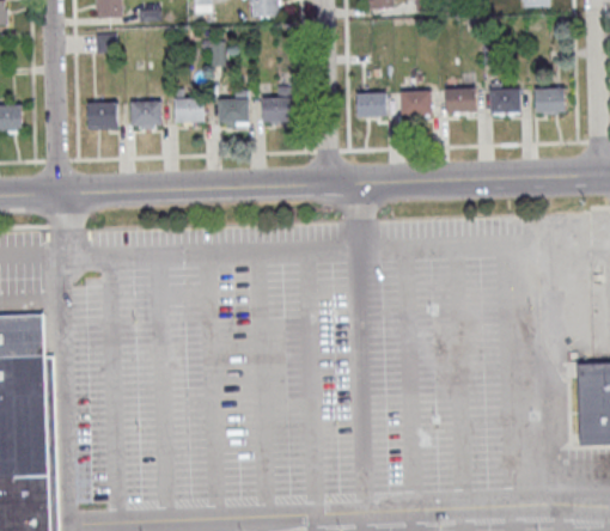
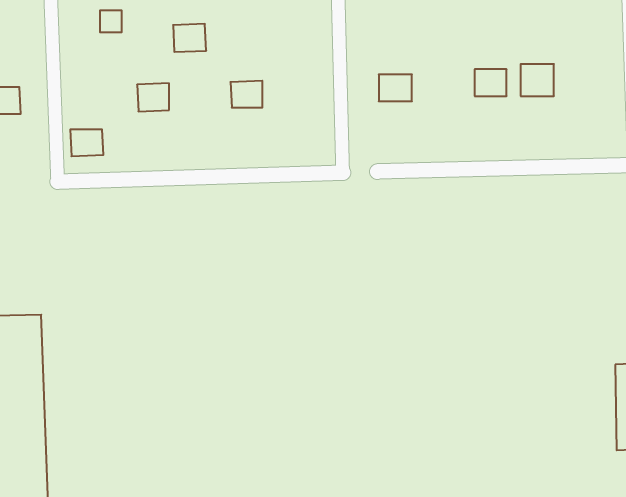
building: [535,87,565,114] -> none
building: [401,91,432,115] -> none
building: [173,97,205,123] -> [173,24,206,52]
building: [262,97,292,122] -> none
building: [86,103,117,128] -> [70,129,103,156]

